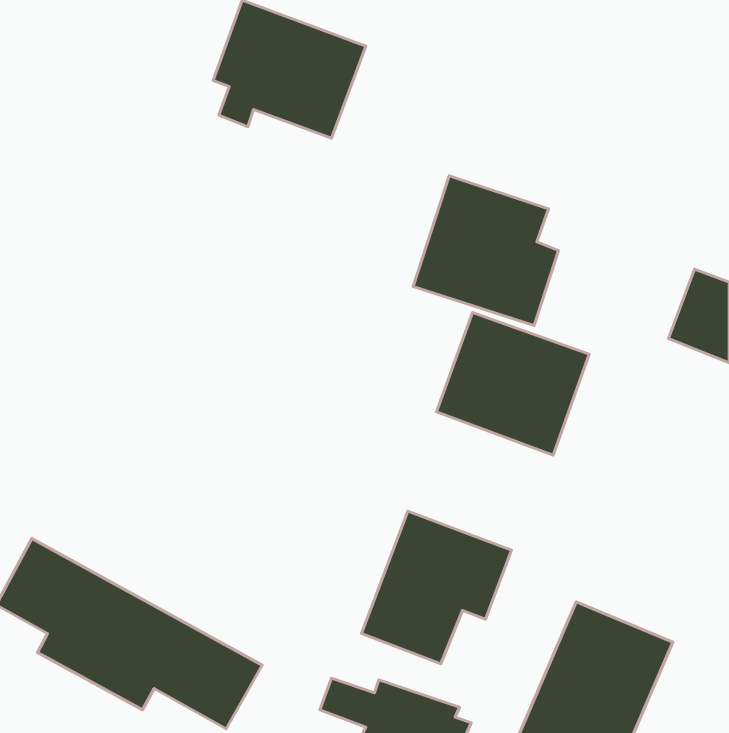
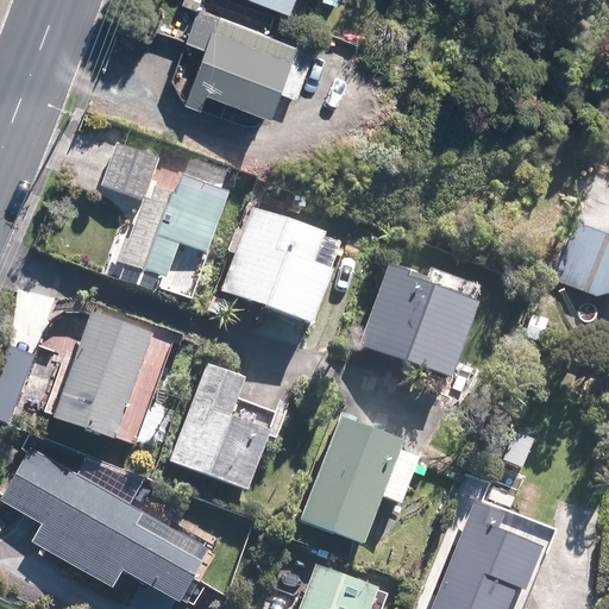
building: none -> [100,143,230,274]
building: [413,176,559,325] -> [220,202,340,326]
building: none -> [52,309,158,440]
building: none -> [170,364,271,491]

